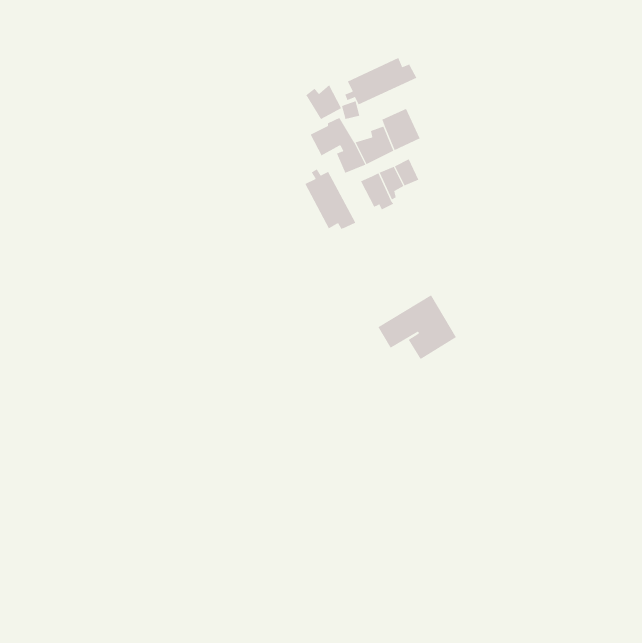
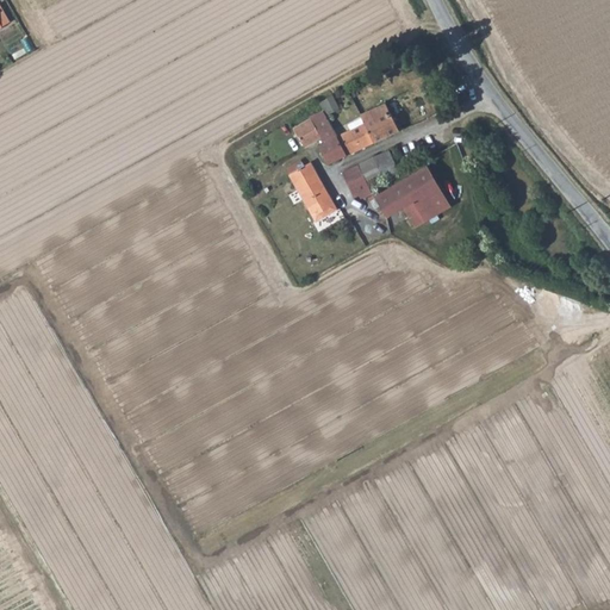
building: [345,57,417,105] -> none
building: [305,84,342,120] -> none
building: [378,294,457,360] -> [374,166,449,228]

